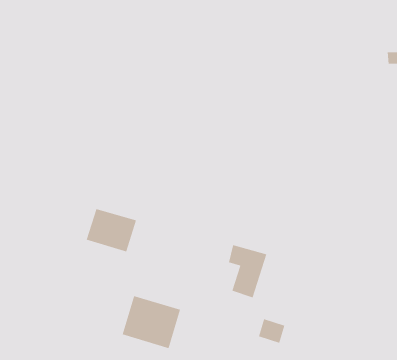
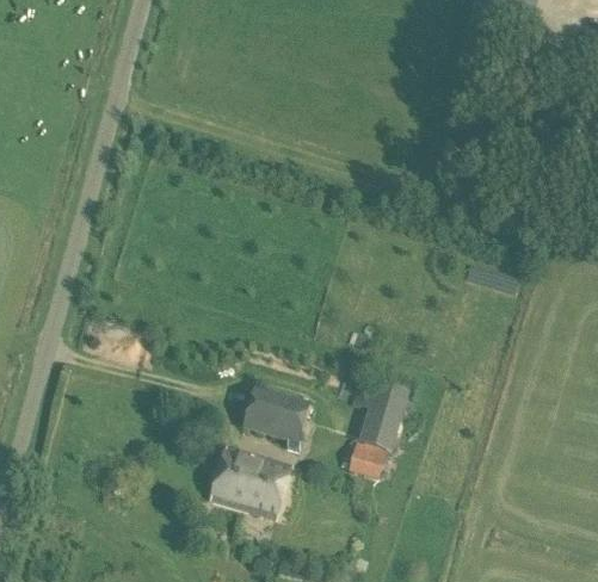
building: [86,208,137,252] -> [242,385,310,444]
building: [258,319,285,343] -> [351,440,387,473]

